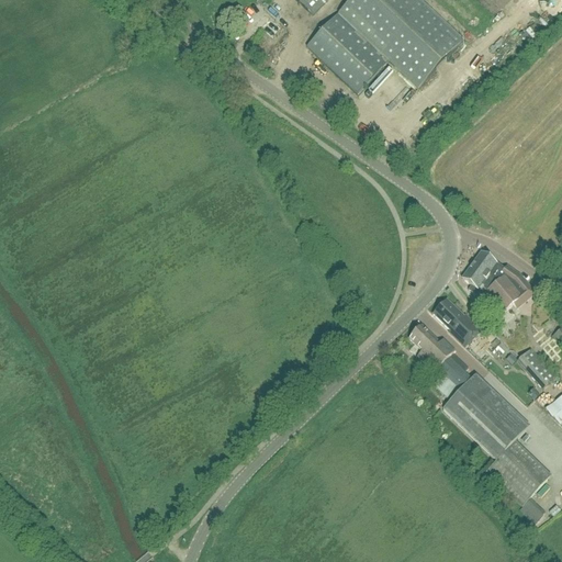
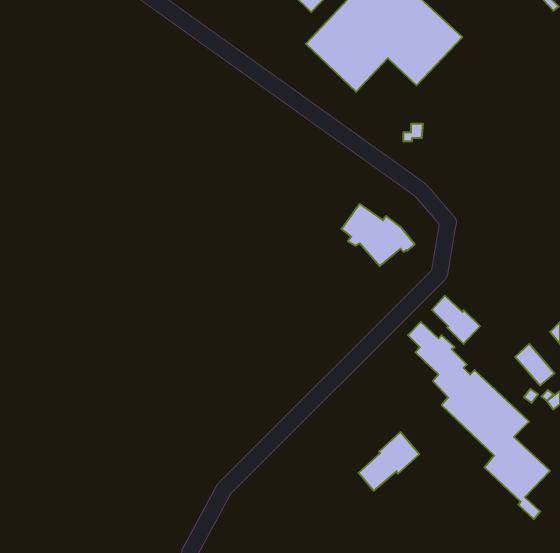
building: [461,249,535,312] -> [341,204,415,266]
building: none -> [359,432,419,491]

